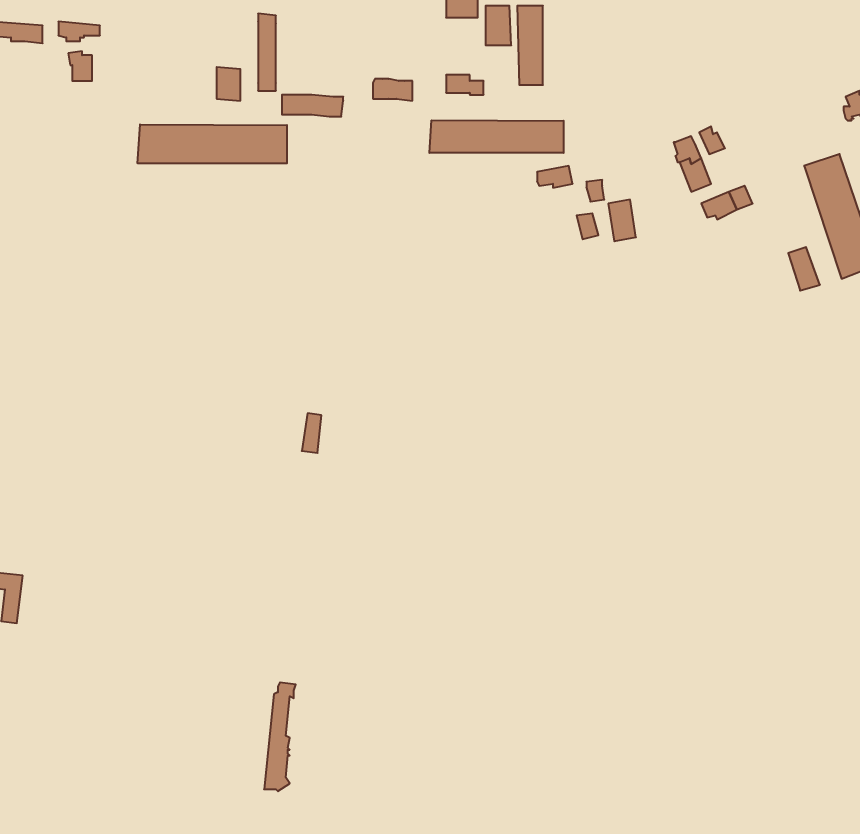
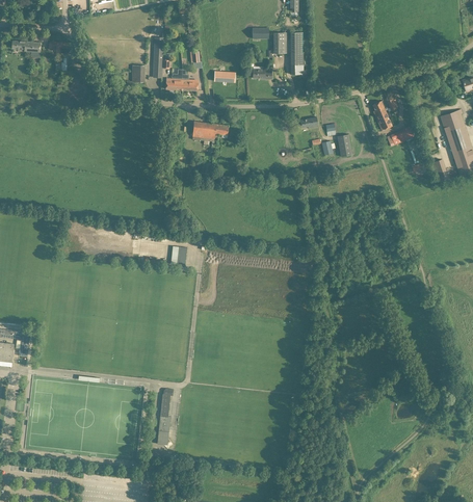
building: [429,120,564,153] -> none
building: [138,124,287,163] -> none
building: none -> [191,122,228,139]

